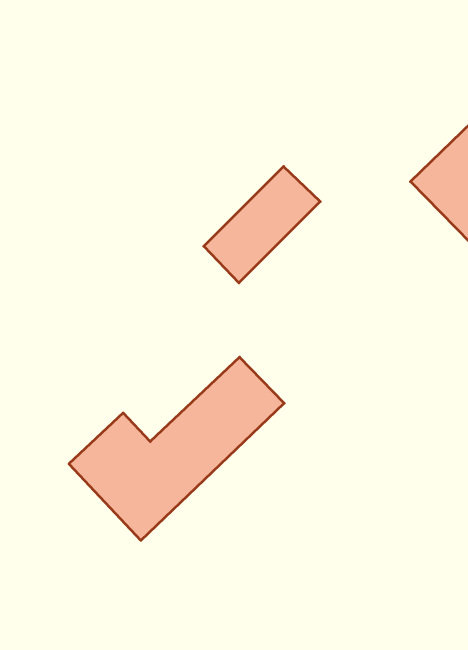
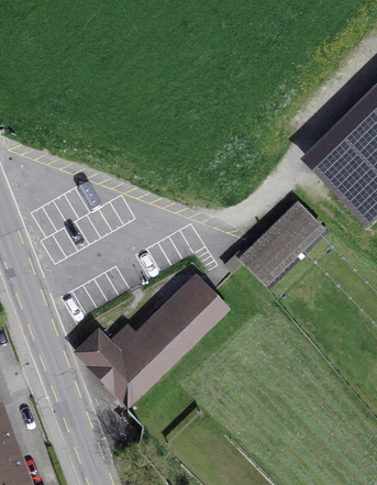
building: [204,166,320,283] -> [241,203,321,284]

